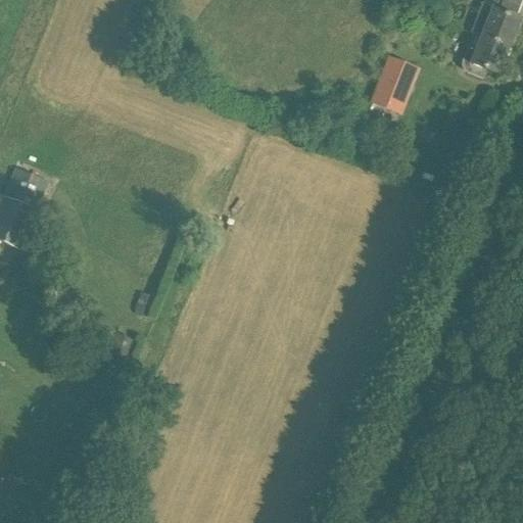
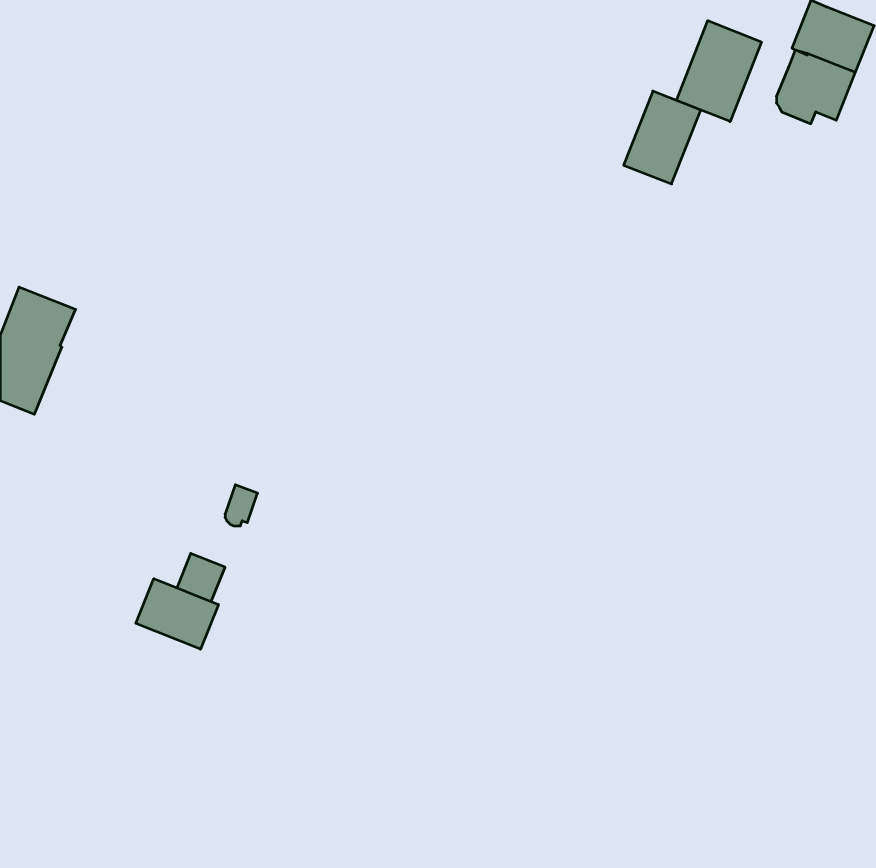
building: none -> [676,21,761,122]
building: none -> [136,579,218,649]

